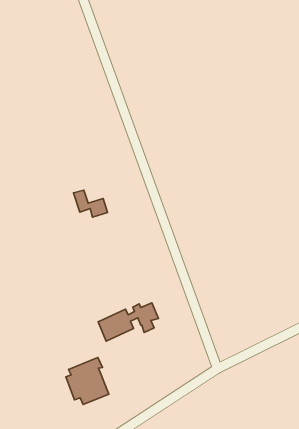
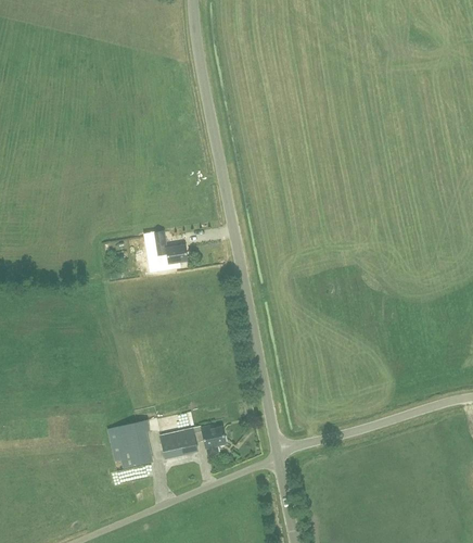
building: [98,303,158,341] -> [159,422,227,457]

